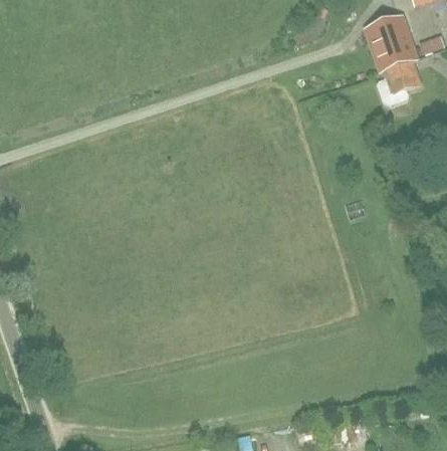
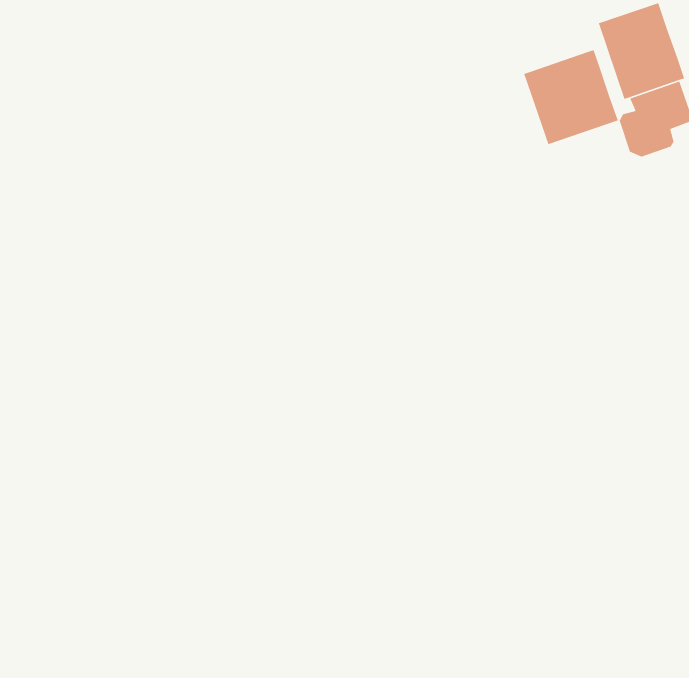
building: none -> [523,49,619,145]

